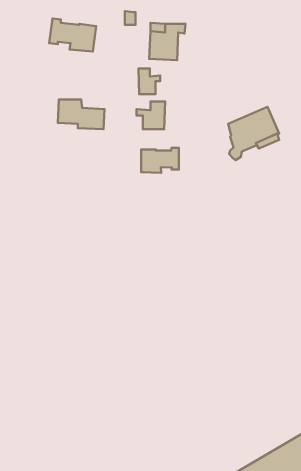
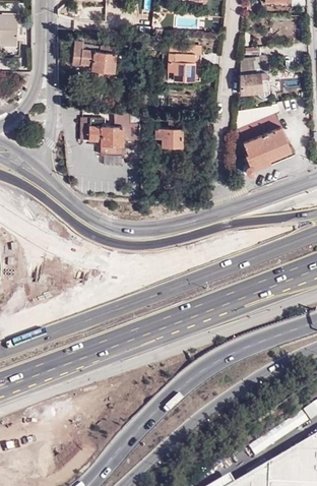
building: none -> [238,57,268,94]
building: [138,69,160,94] -> none
building: [141,148,179,173] -> none

